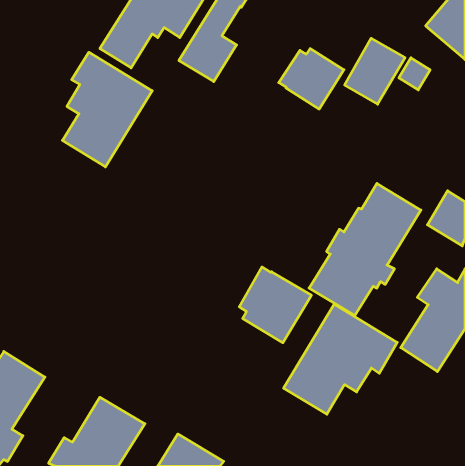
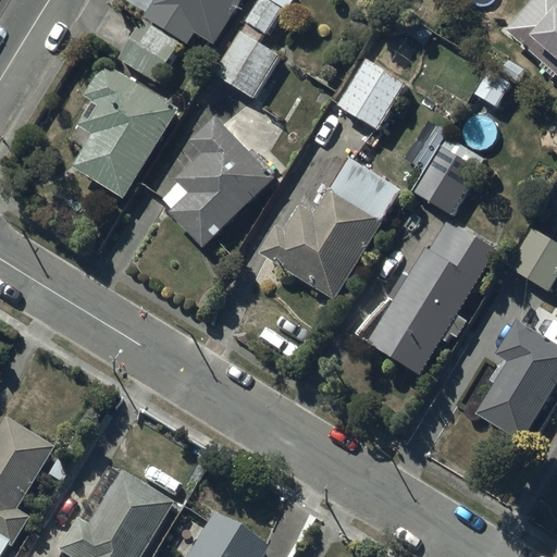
building: [345,38,405,104] -> [412,135,484,213]
building: none -> [163,116,280,247]
building: none -> [260,157,404,299]
building: [239,267,311,343] -> none
building: [284,304,397,414] -> none

